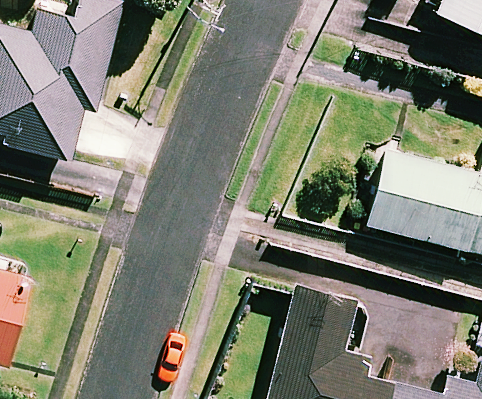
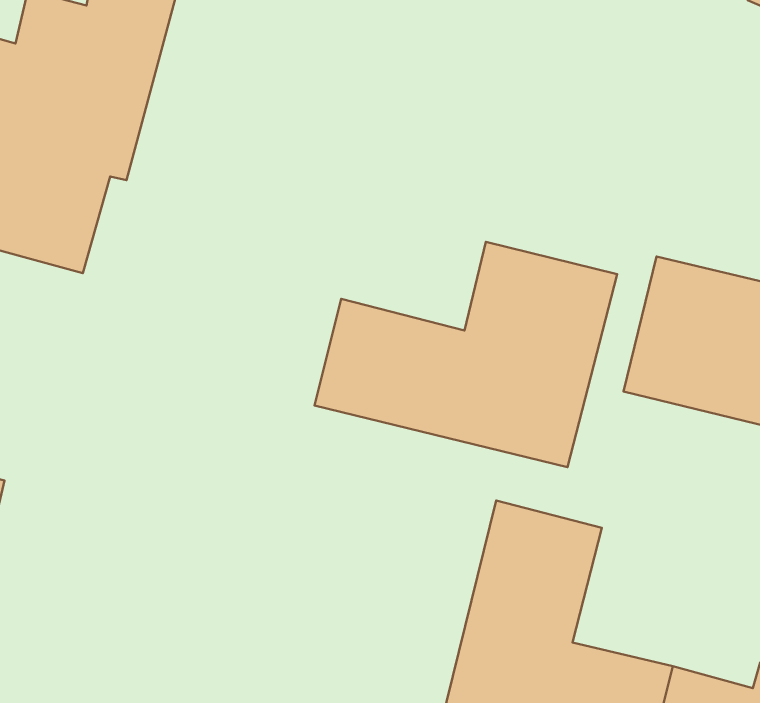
building: none -> [314,242,617,467]

